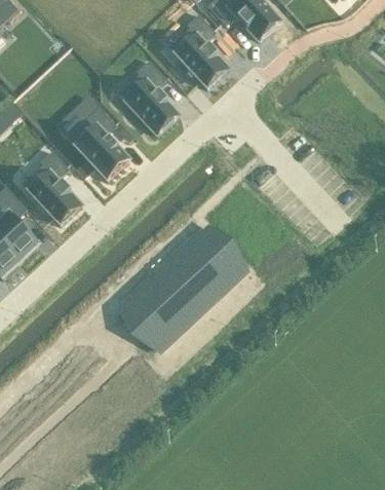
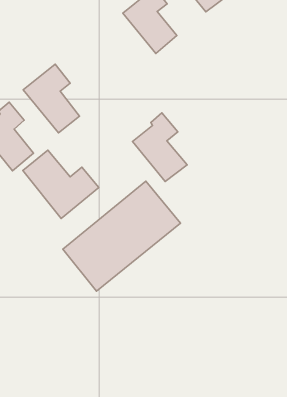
building: [118,60,179,134] -> [132,113,187,182]
building: none -> [23,150,99,218]

